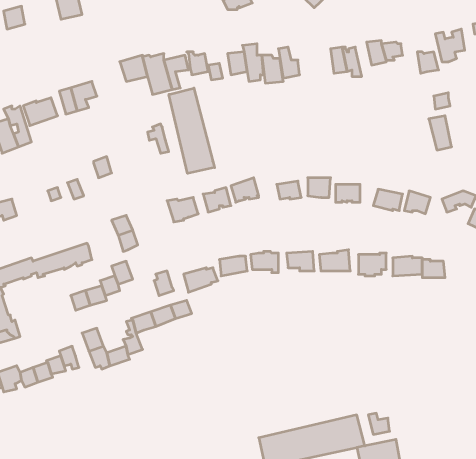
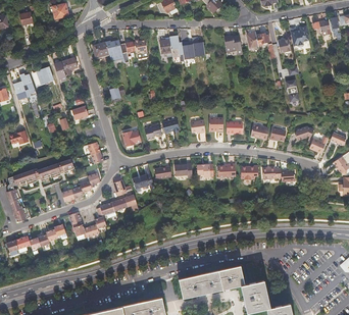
building: [169,88,215,173] -> none

